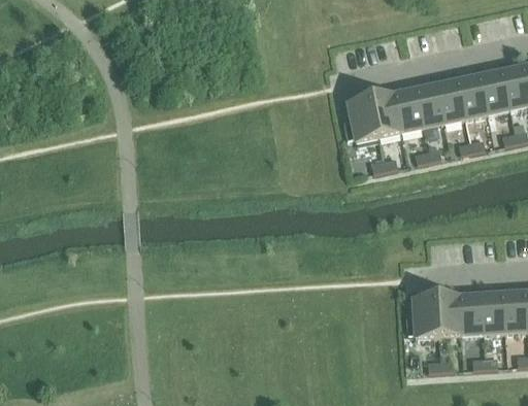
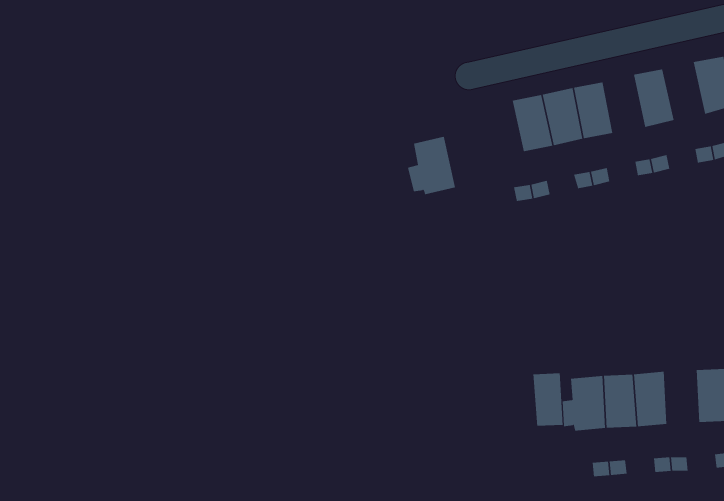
building: [482,69,512,111] -> none
building: [438,78,468,121] -> none
building: [345,97,381,139] -> [407,136,456,195]
building: [483,292,507,331] -> none
building: none -> [533,372,563,426]

